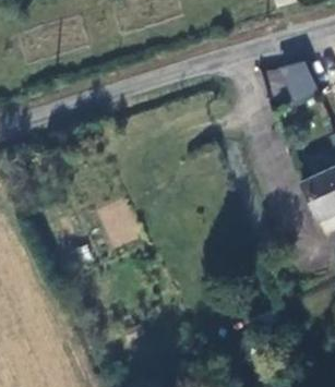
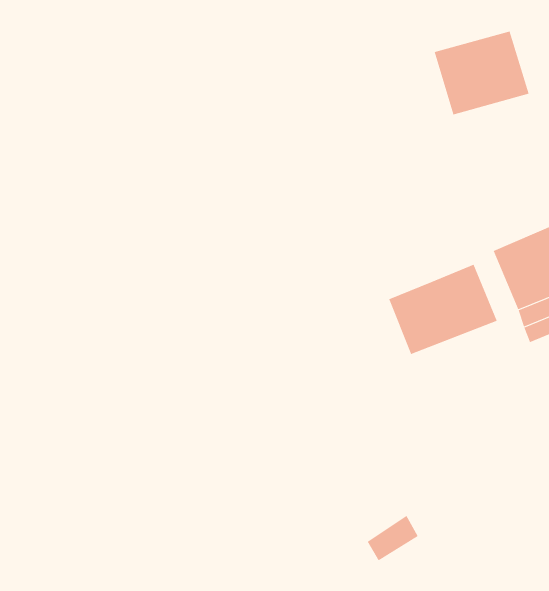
building: none -> [389,264,497,355]

